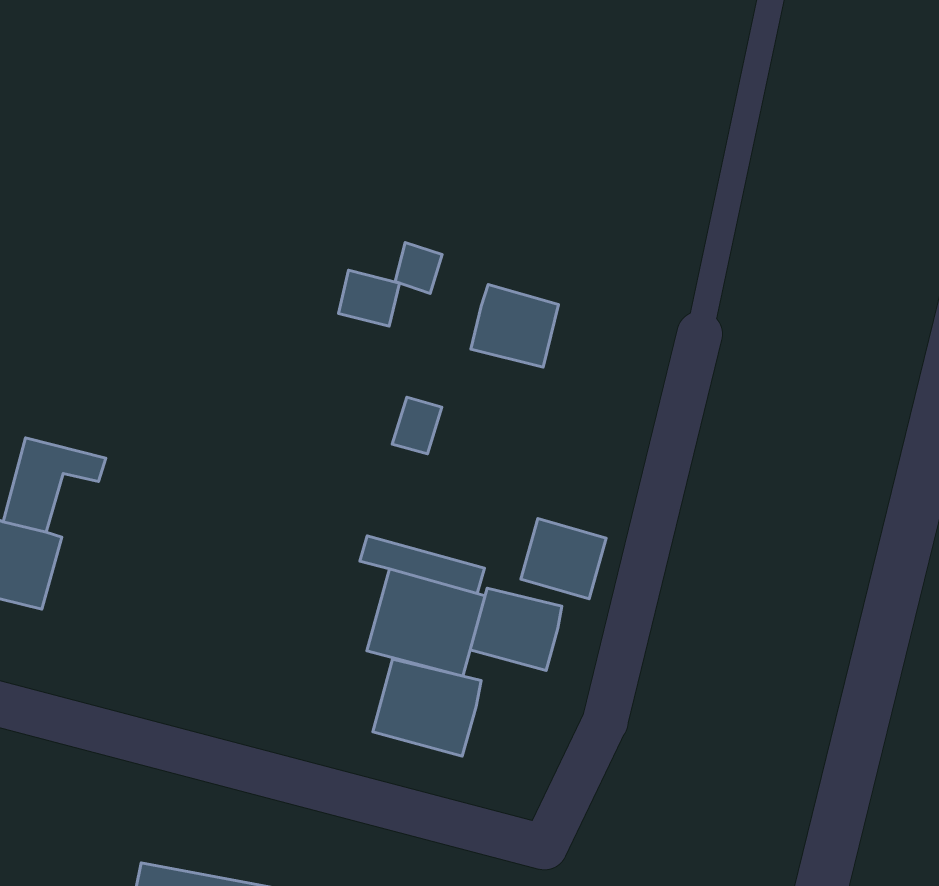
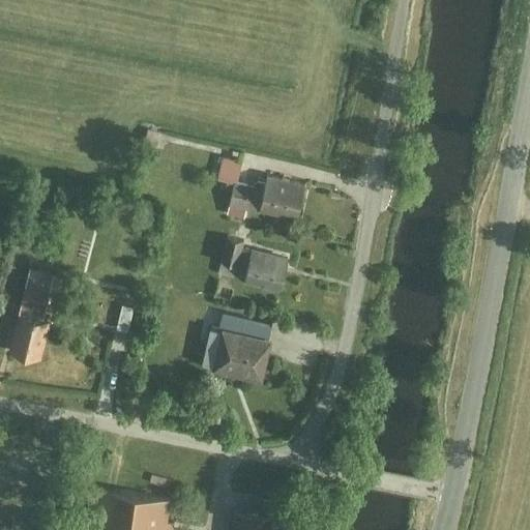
building: [338,270,400,326] -> [230,185,261,213]
building: [521,519,606,599] -> [243,253,287,293]
building: [470,588,562,670] -> none
building: [373,659,481,756] -> none

